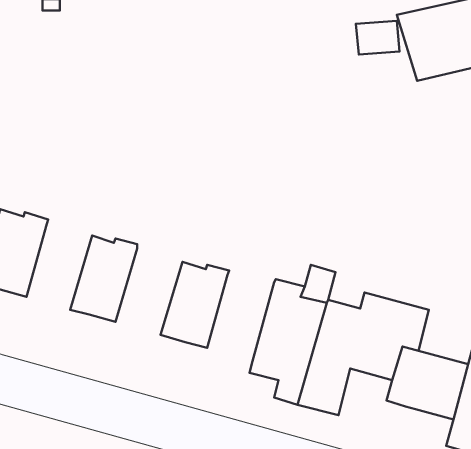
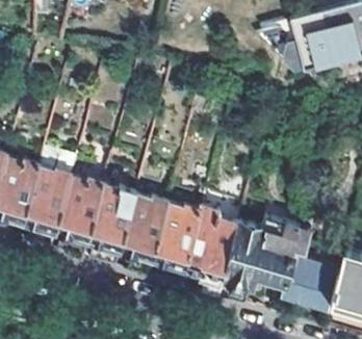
building: none -> [24,166,72,247]
building: none -> [88,184,136,265]
building: none -> [154,203,202,264]

